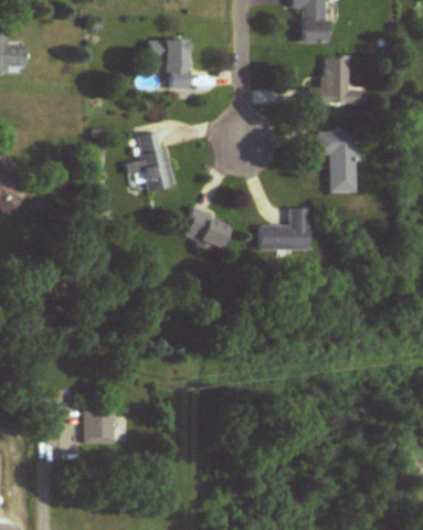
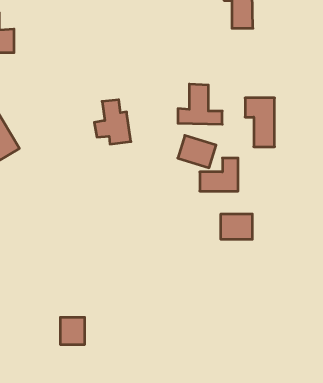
building: [149,41,189,88] -> none
building: [309,56,366,107] -> [178,84,222,124]
building: [182,209,231,250] -> [178,135,216,168]
building: none -> [221,214,252,239]

